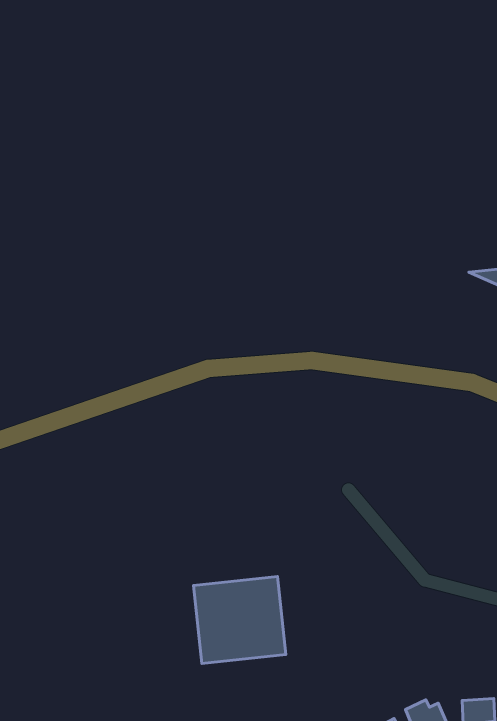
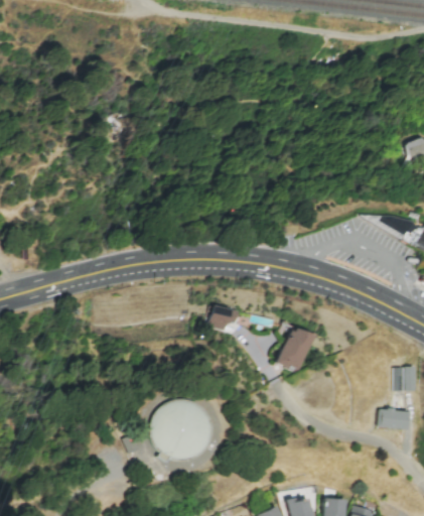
building: none -> [209,306,239,330]
building: none -> [276,327,313,371]

